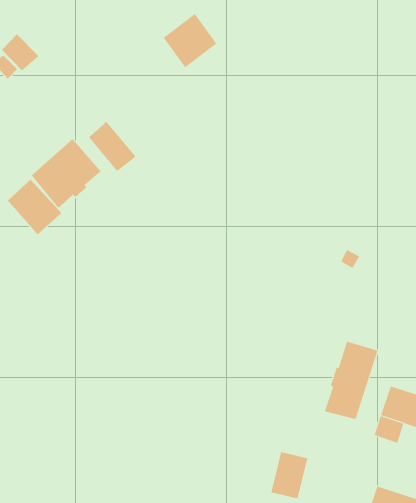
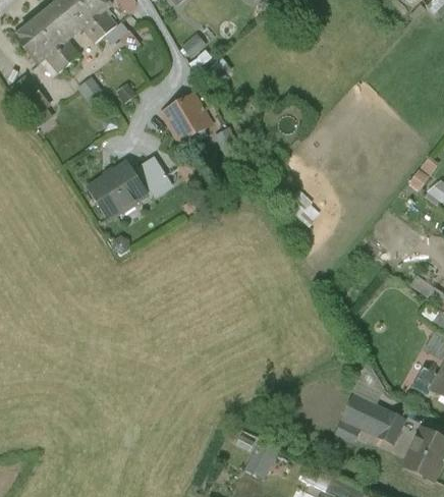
building: [163,13,217,68] -> [164,95,207,137]
building: [7,179,62,235] -> none
building: [324,341,378,420] -> none

